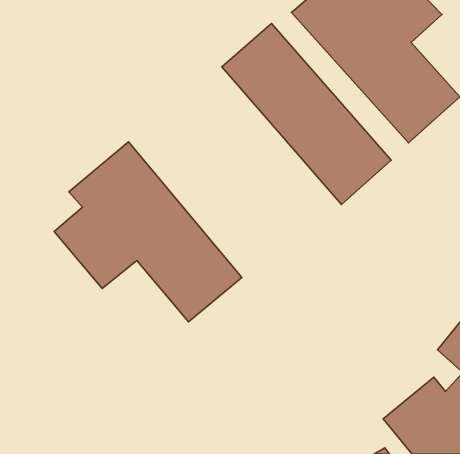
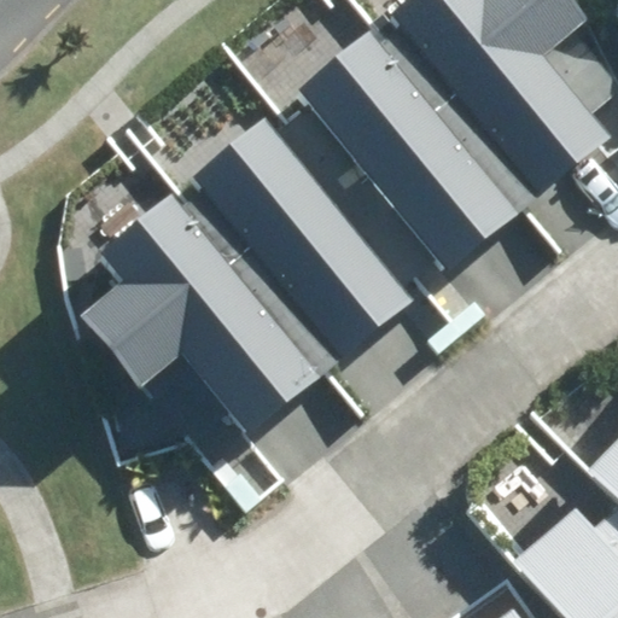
building: none -> [196,113,424,357]

